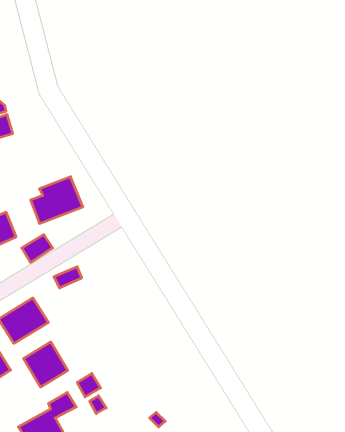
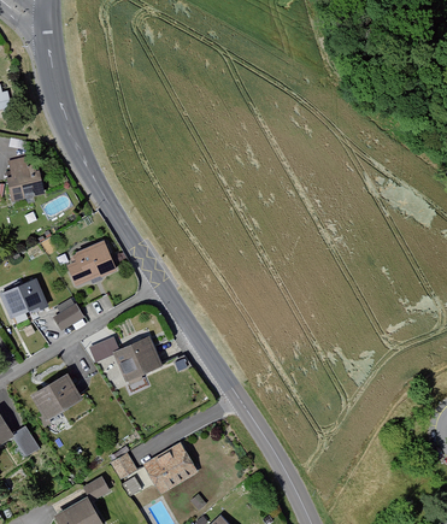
building: none -> [114,338,163,383]
building: [24,342,68,387] -> none
building: none -> [143,442,199,494]

